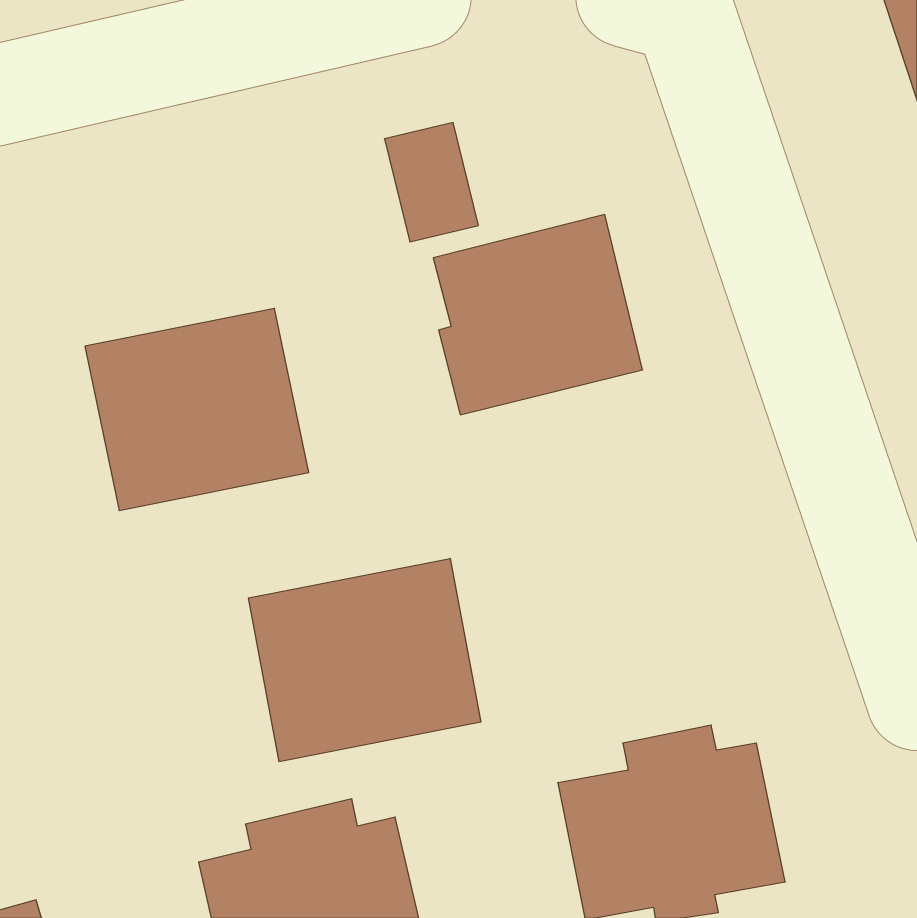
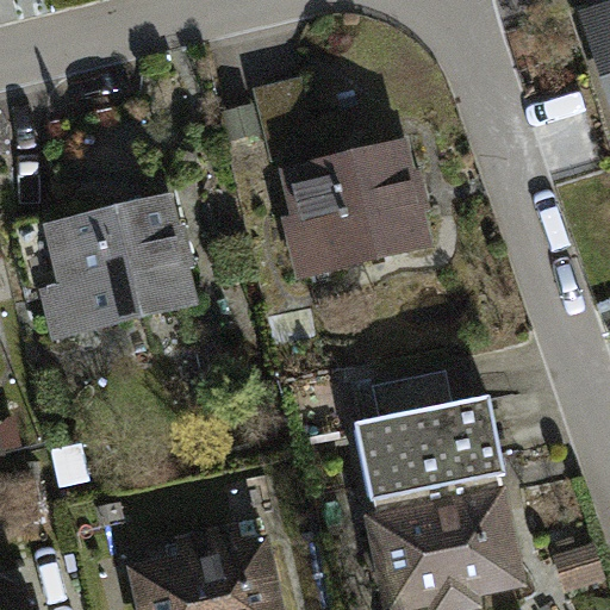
building: [248,558,481,762] -> none
building: none -> [354,369,503,499]

